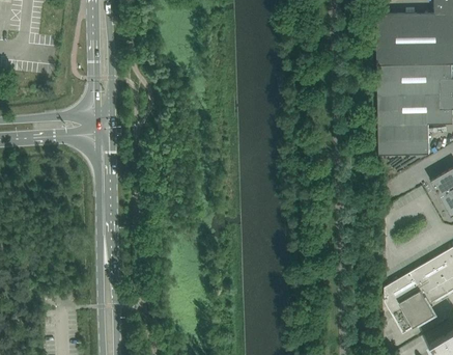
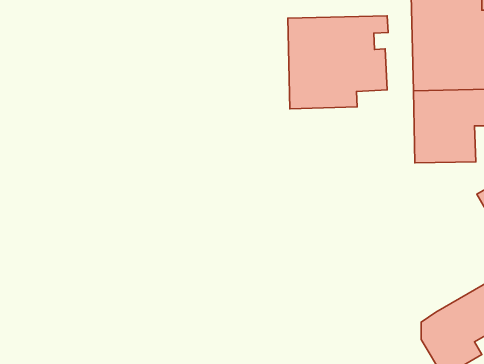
building: none -> [288,16,388,109]

